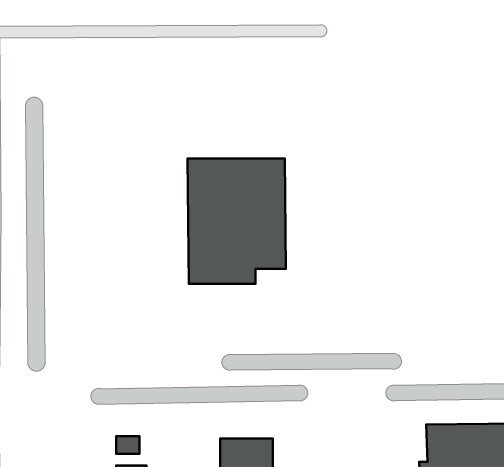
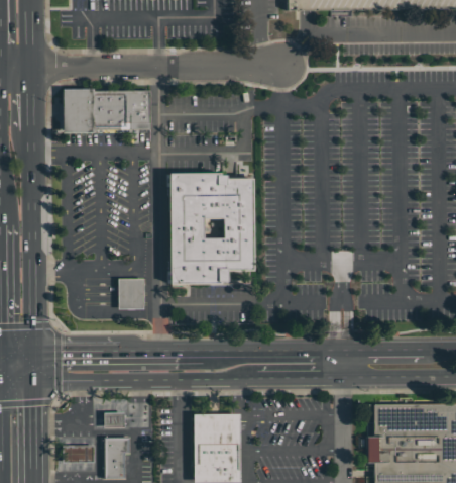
building: none -> [64,88,152,129]
building: none -> [121,280,145,309]

